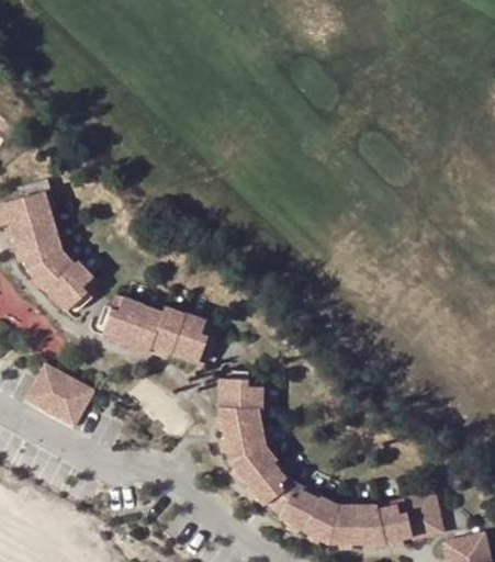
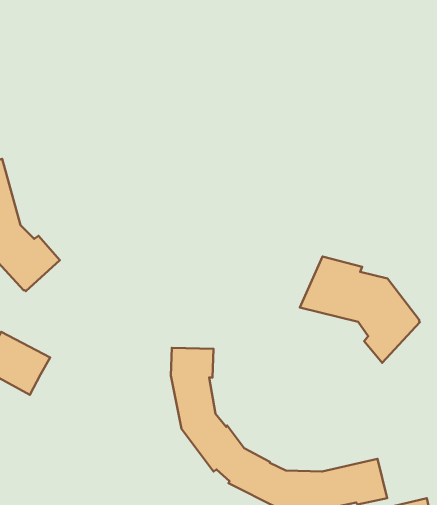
building: none -> [300,257,420,363]
building: [105,297,216,366] -> none

